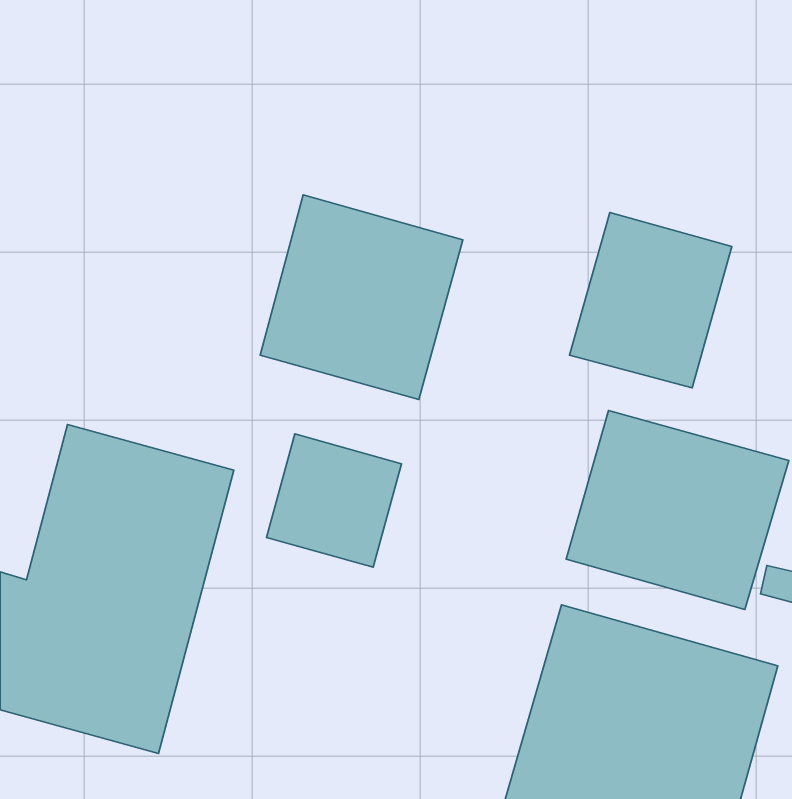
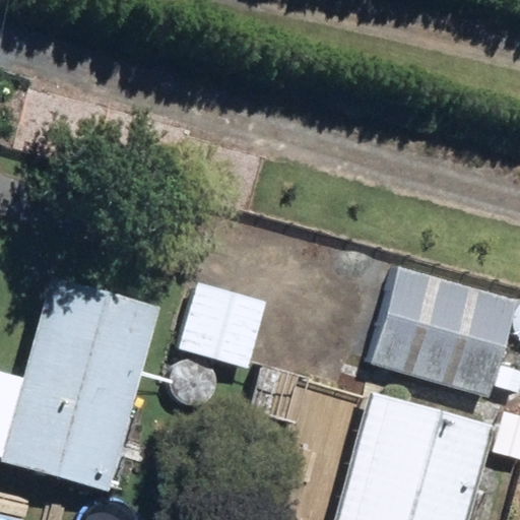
building: [260,195,463,399] -> none
building: [570,213,732,388] -> none

